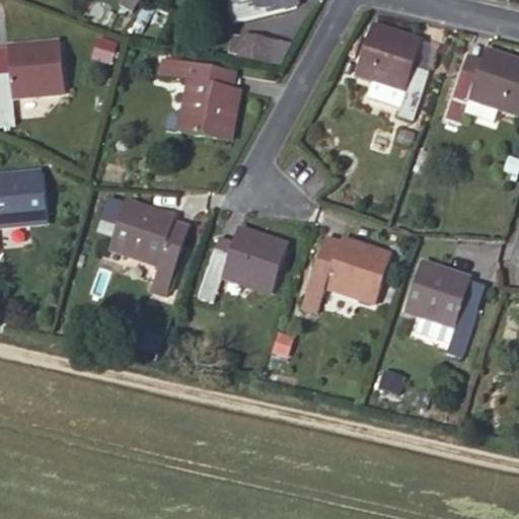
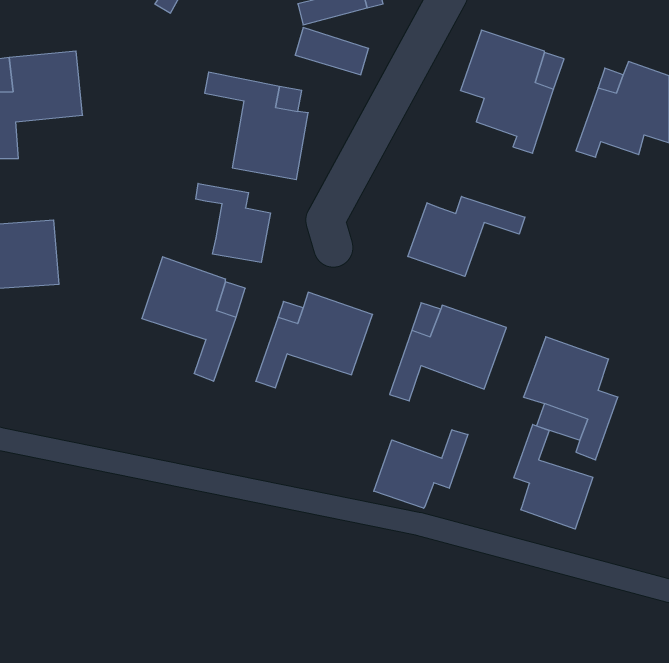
building: none -> [196,183,270,262]
building: none -> [408,196,525,276]
building: none -> [514,424,593,529]
building: none -> [374,430,468,508]

